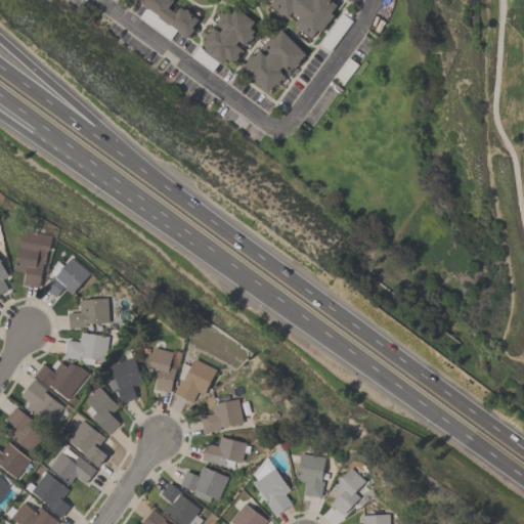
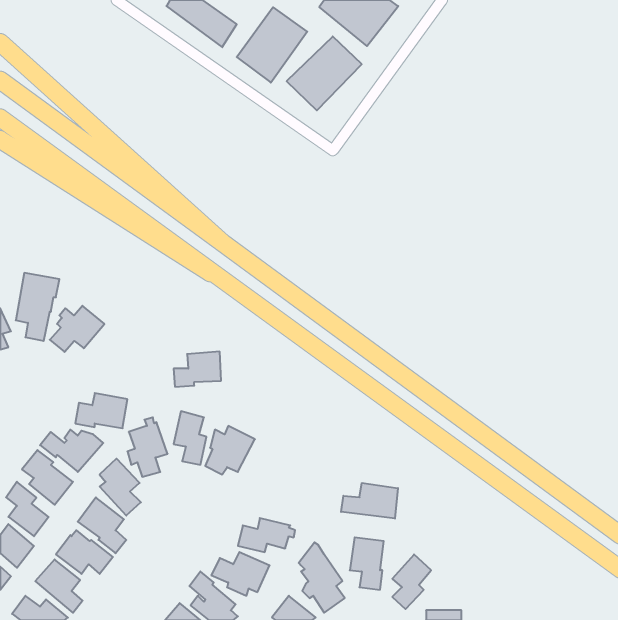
building: [69,298,108,328] -> [174,352,221,387]
building: [202,398,244,434] -> none
building: none -> [341,483,398,519]

